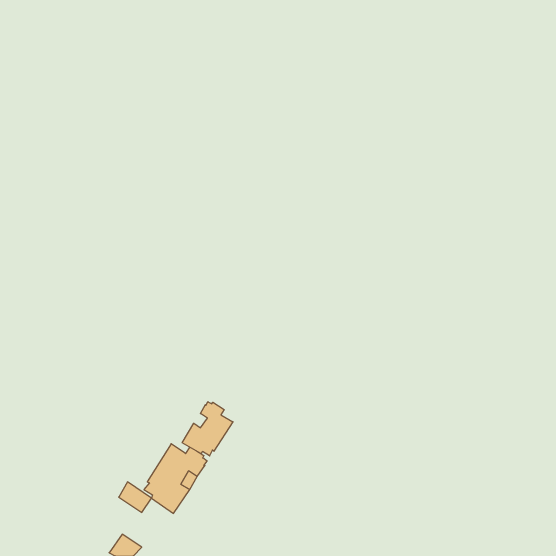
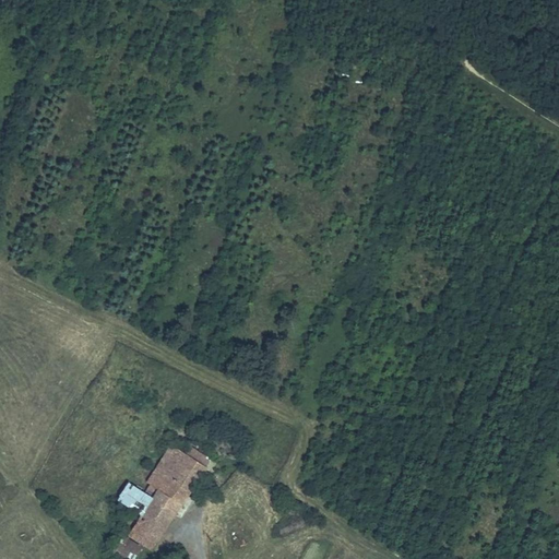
building: [182,402,233,456] -> none
building: none -> [129,499,174,548]

